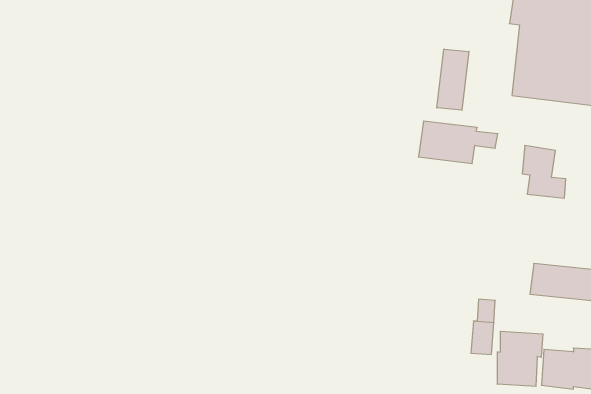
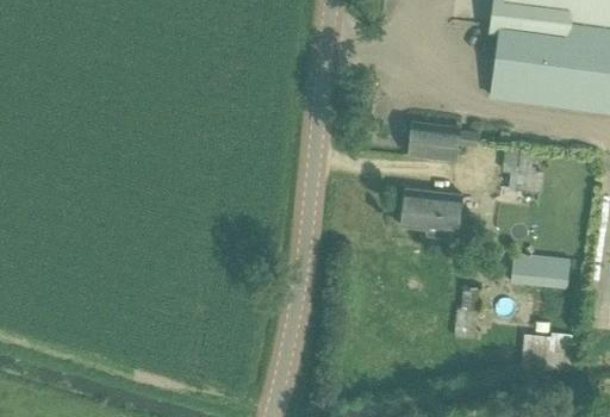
building: [437,49,469,110] -> none
building: none -> [400,188,462,234]
building: [497,331,543,386] -> none

